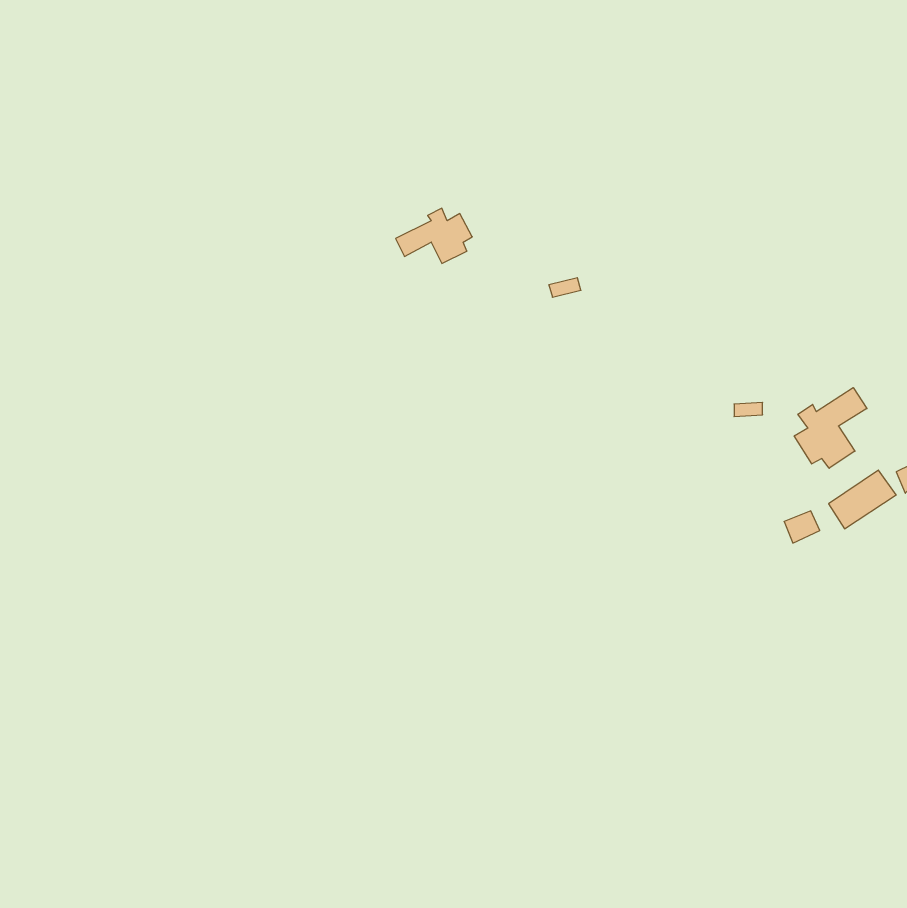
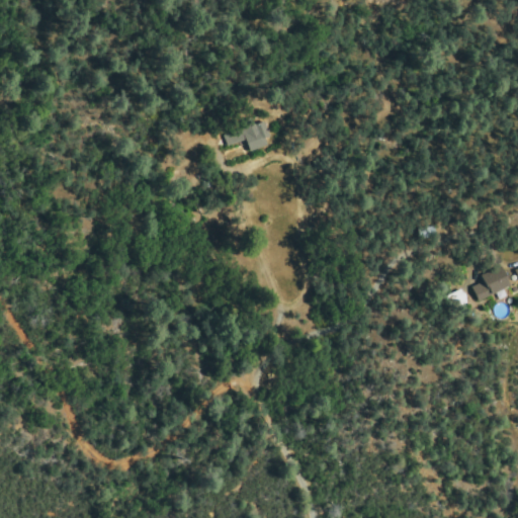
building: [794,388,867,468] -> none

